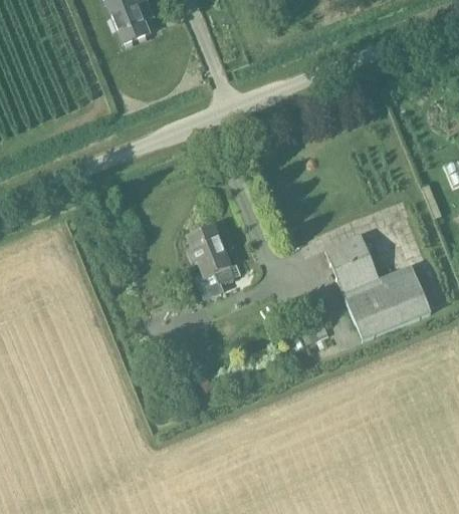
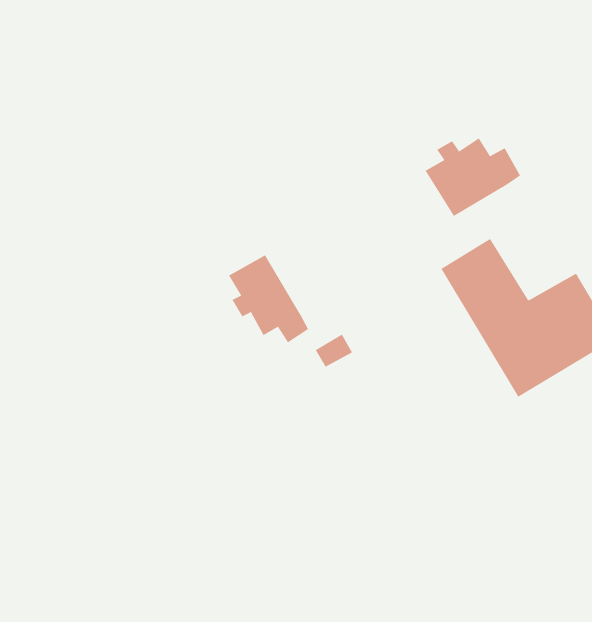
building: none -> [425,137,521,217]

